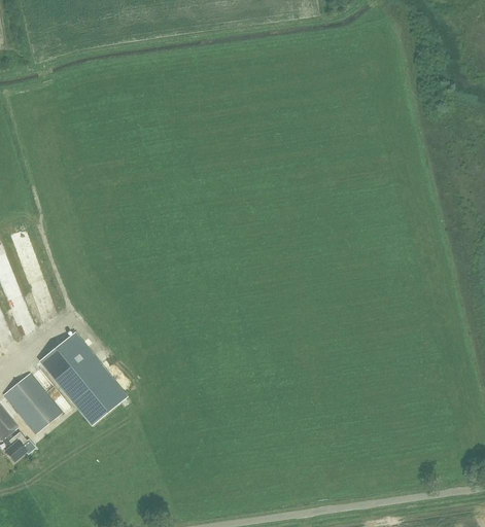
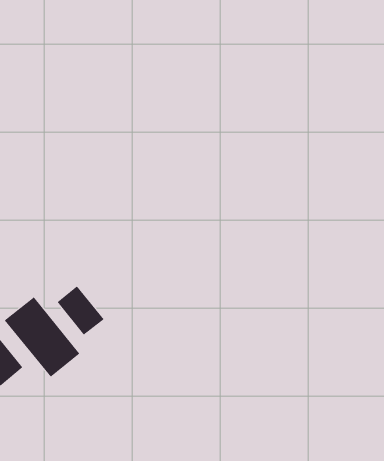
building: none -> [57,286,105,336]

